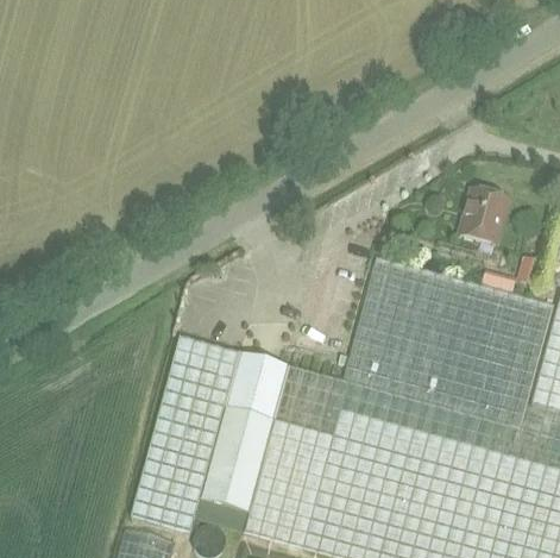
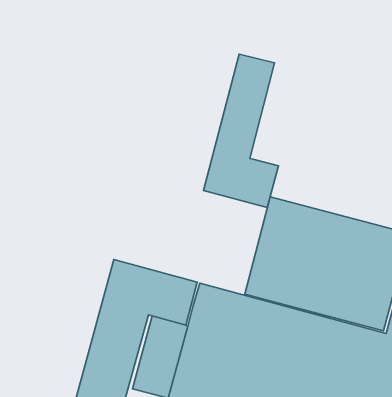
building: none -> [204,54,279,207]
building: [461,190,509,246] -> none

